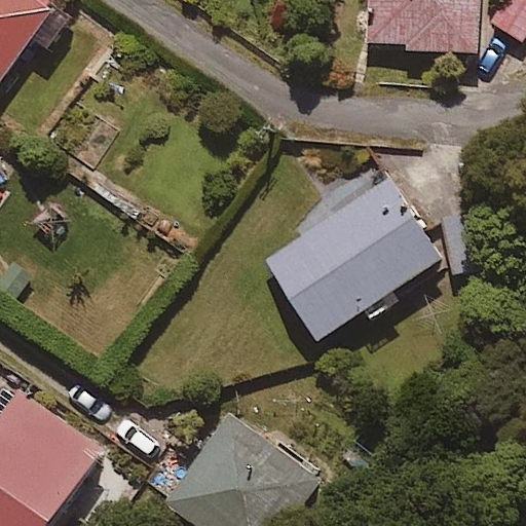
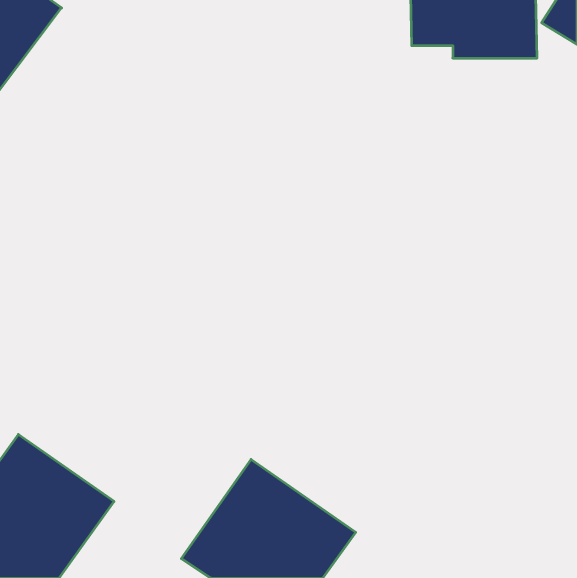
building: [263,157,440,339] -> none

